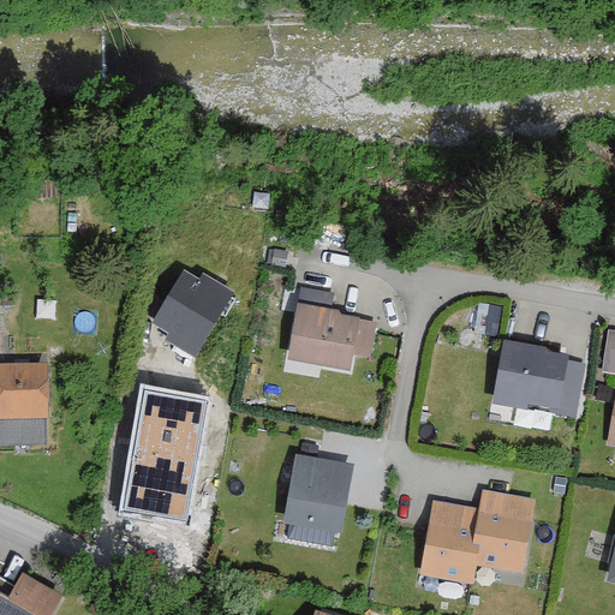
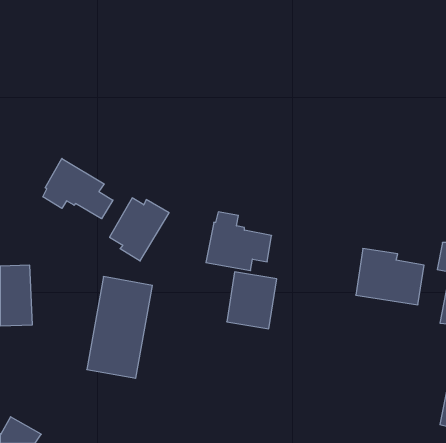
building: none -> [43,158,113,219]
building: [282,455,351,533] -> [227,272,277,329]
building: [417,489,533,581] -> none

